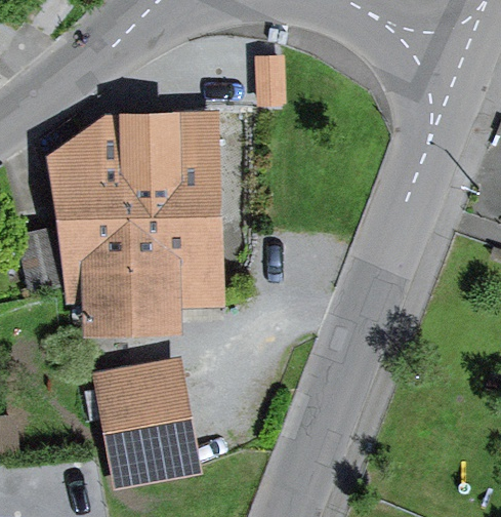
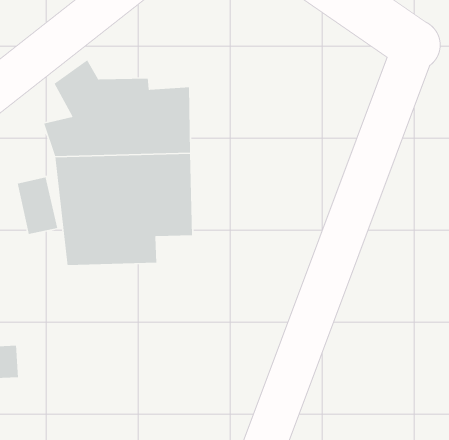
building: [98,364,203,492] -> none

